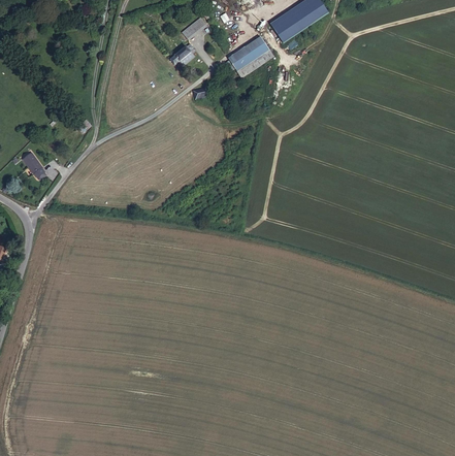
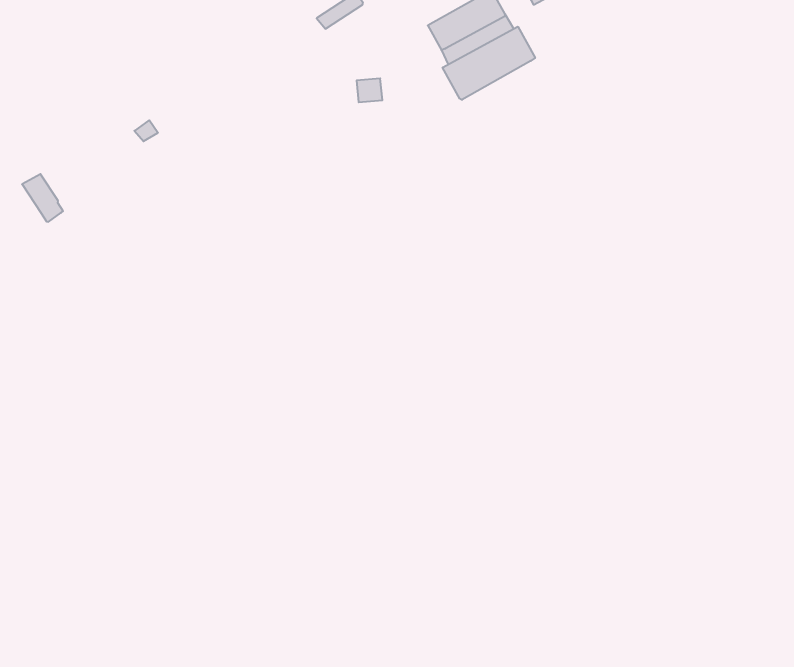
building: none -> [443,27,535,100]

